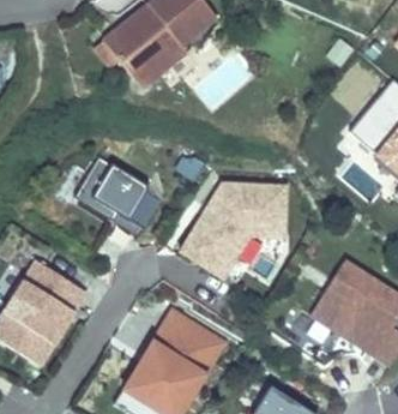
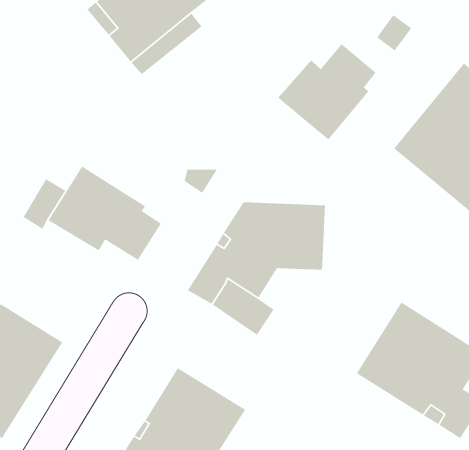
building: none -> [277,43,377,141]

